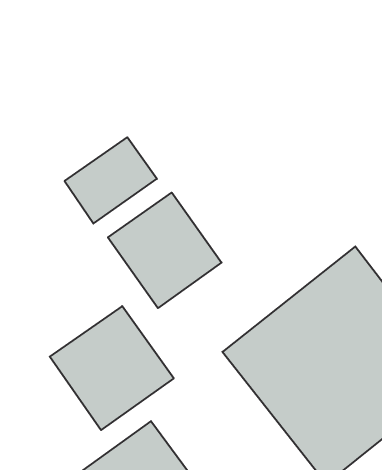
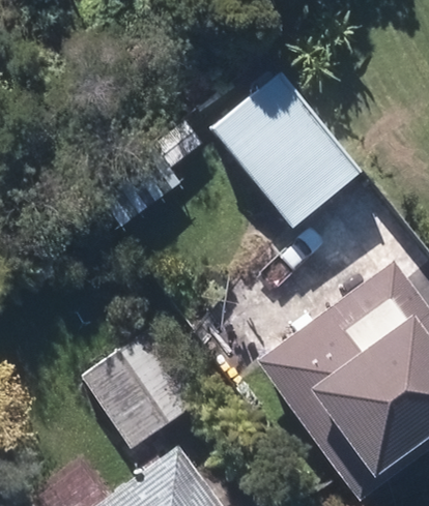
building: none -> [210,71,367,232]
building: [108,193,222,308] -> none

